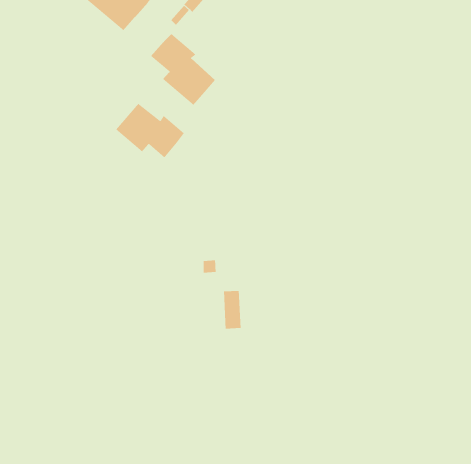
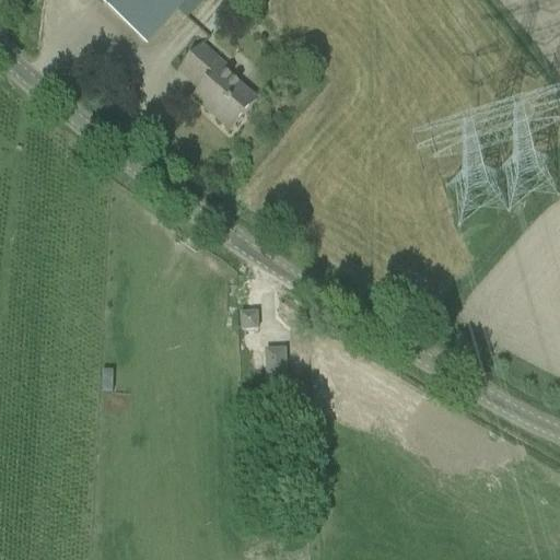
building: [115,103,185,158] -> none

